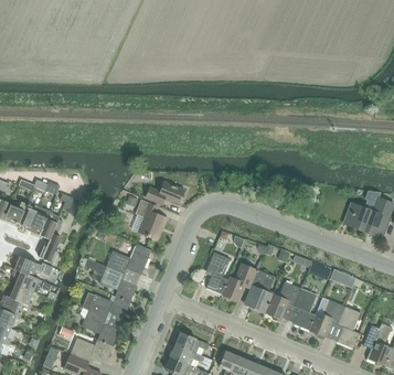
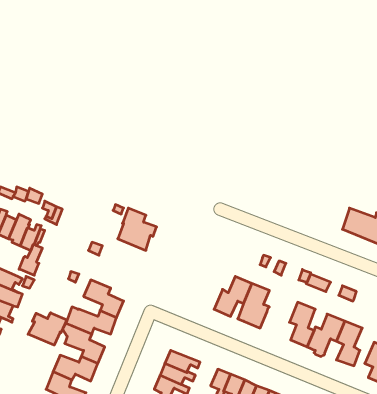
building: [147,182,184,204] -> none
building: [106,244,152,275] -> none
building: [206,253,230,294] -> none
building: [265,281,300,321] -> none
building: none -> [28,313,67,345]

